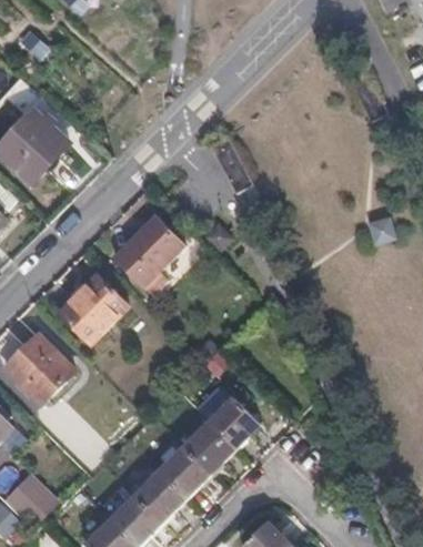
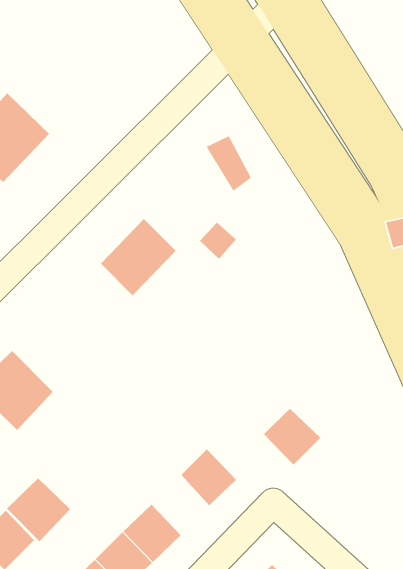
building: [59,274,127,343] -> none
building: [210,396,261,447] -> [263,408,321,466]
building: [161,443,212,496] -> none
building: none -> [6,478,71,542]

